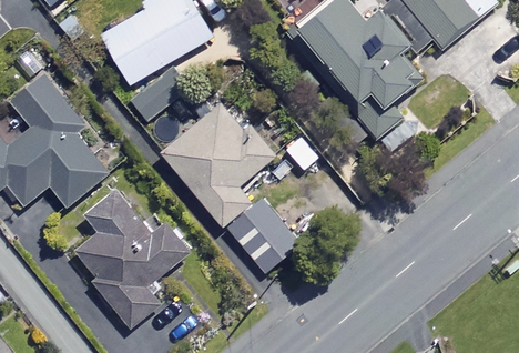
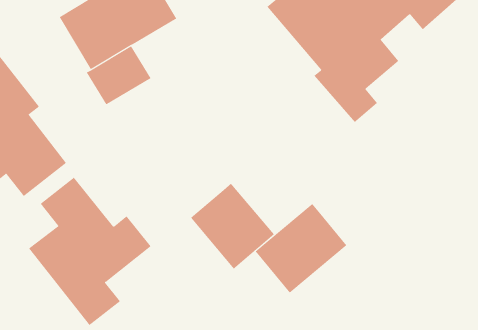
building: [161,103,279,226] -> none
building: none -> [255,203,347,294]

